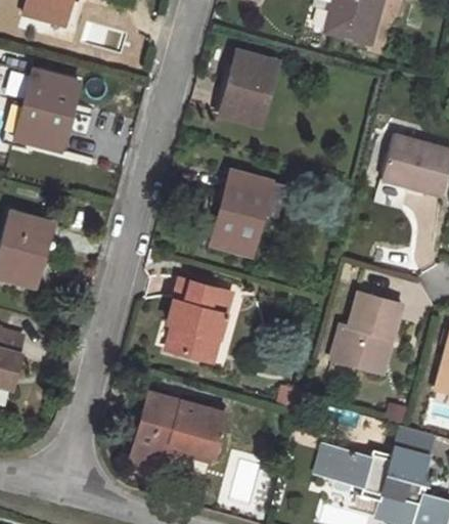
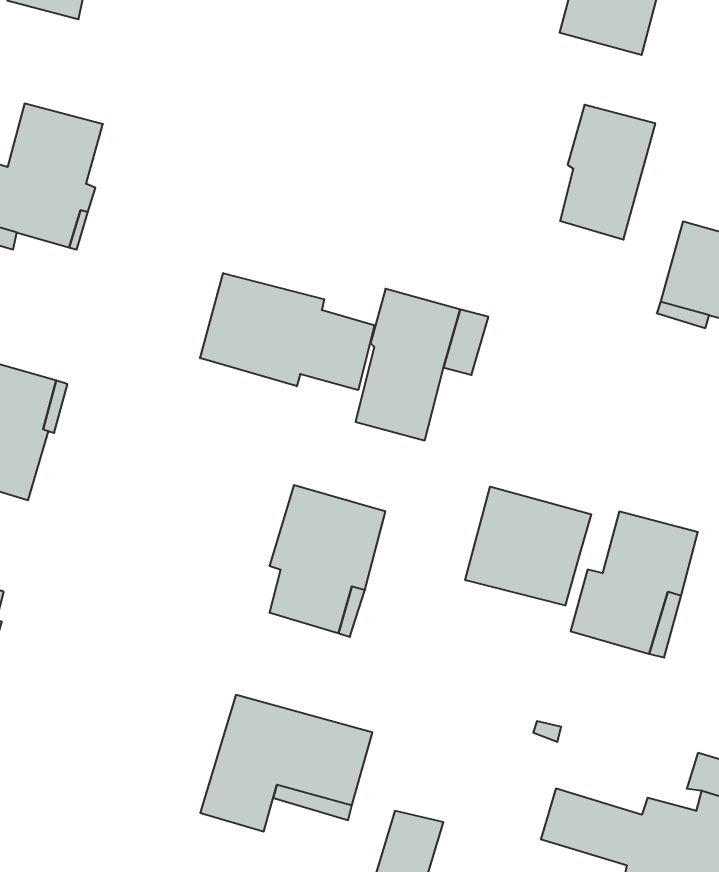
building: [224,51,276,125] -> [560,105,655,240]
building: none -> [200,273,375,390]
building: none -> [465,487,591,606]

